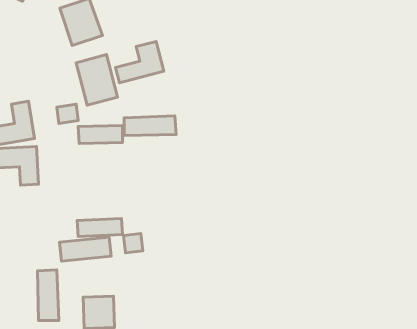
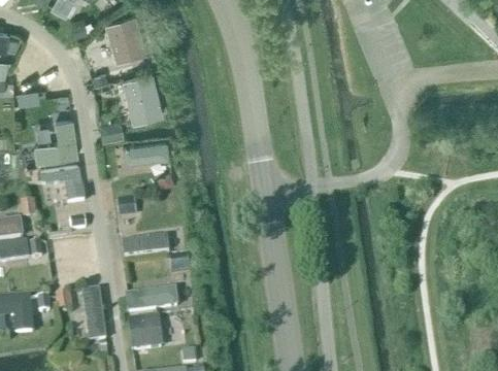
building: [115,41,164,83] -> none
building: [124,116,176,136] -> none
building: [59,237,111,261] -> [124,284,176,309]

